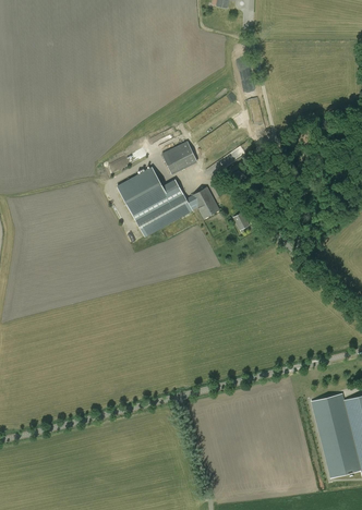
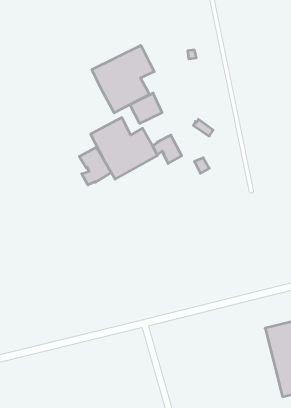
building: none -> [92,45,154,113]
building: none -> [79,147,111,185]

